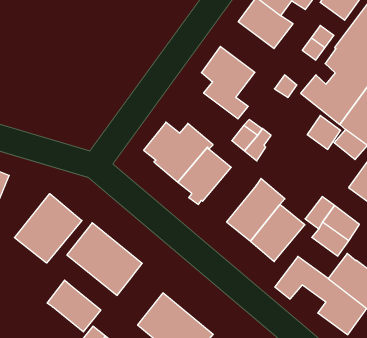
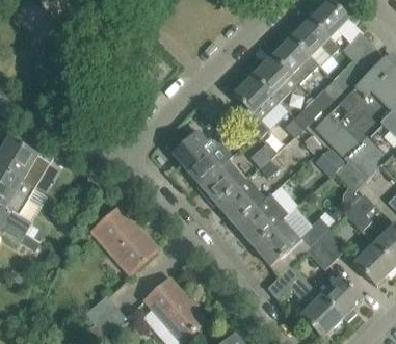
building: none -> [253,55,297,101]
building: none -> [216,178,264,224]
building: [14,194,82,263] -> none
building: [47,280,101,332] -> none

